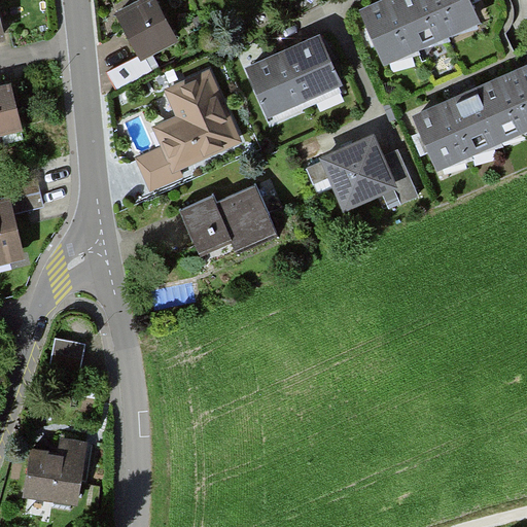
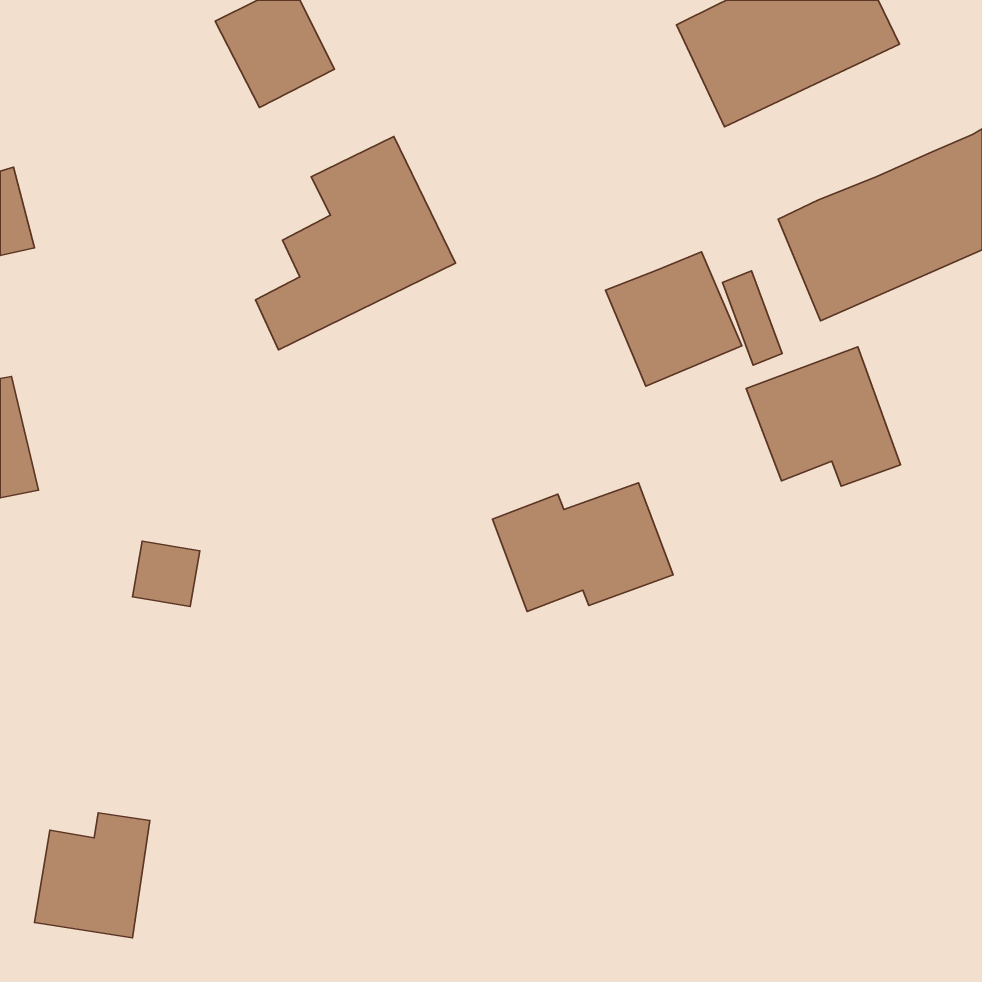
building: [248,37,342,119] -> none
building: none -> [746,347,900,486]
building: [175,188,272,257] -> [493,483,673,611]
building: [45,337,81,372] -> [132,541,200,607]

